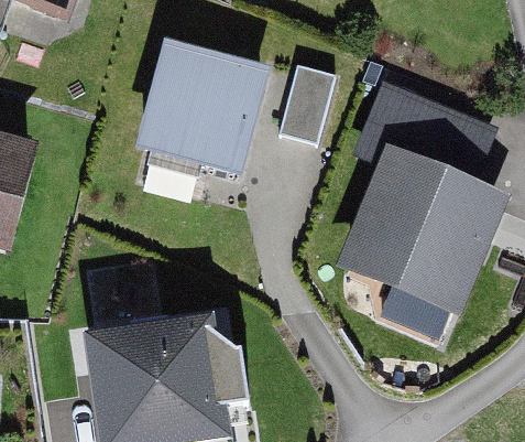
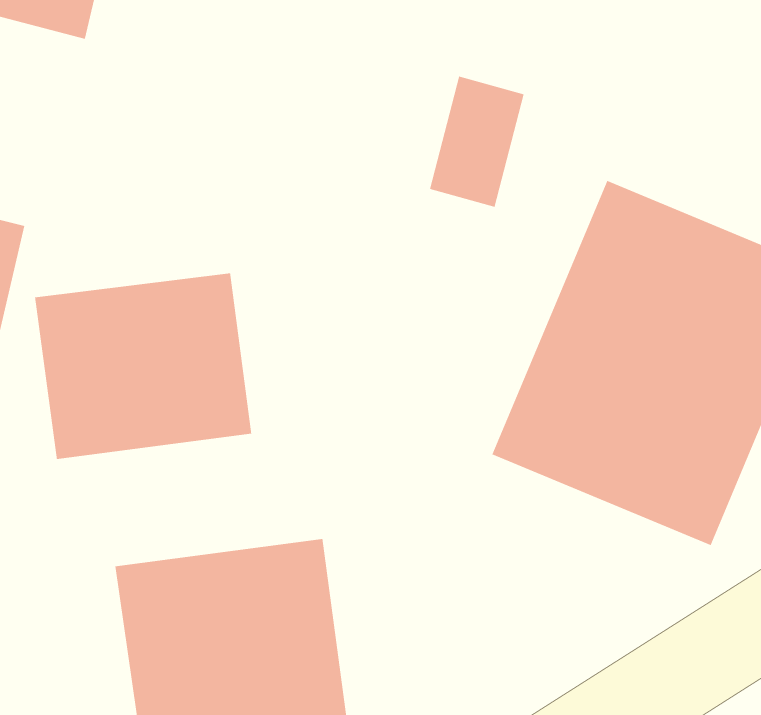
building: [135,33,271,169] -> none
building: none -> [35,273,252,460]

